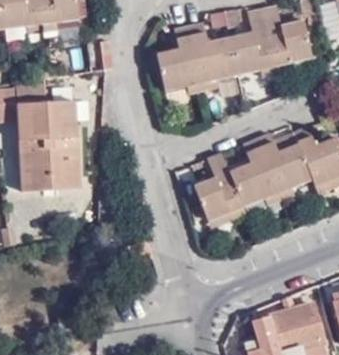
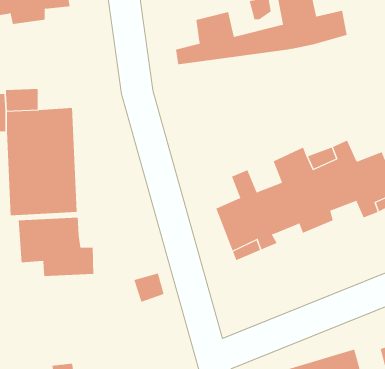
building: [163,39,310,91] -> none
building: none -> [18,217,94,277]

